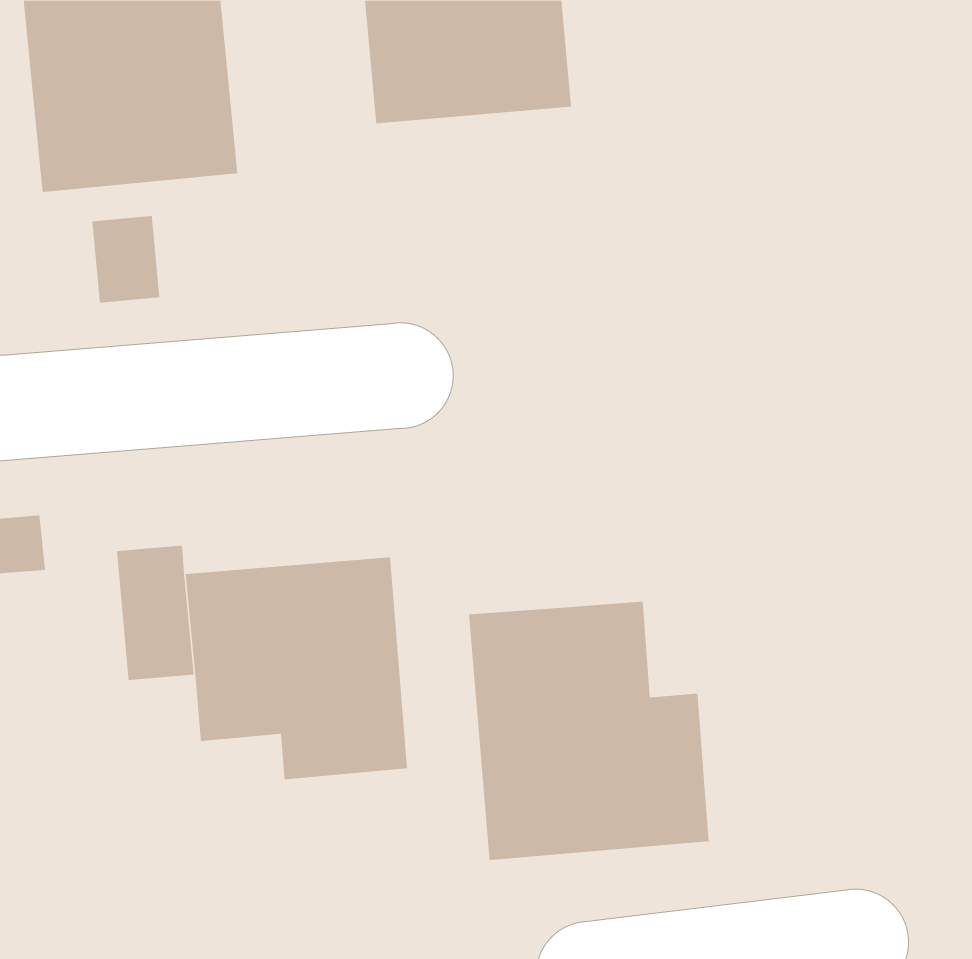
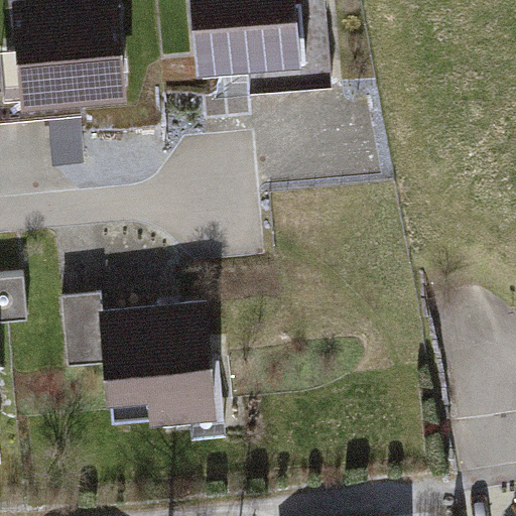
building: [469,601,709,861] -> none

